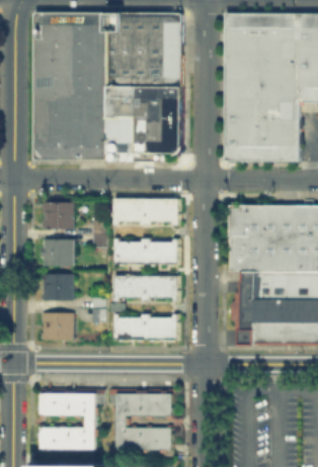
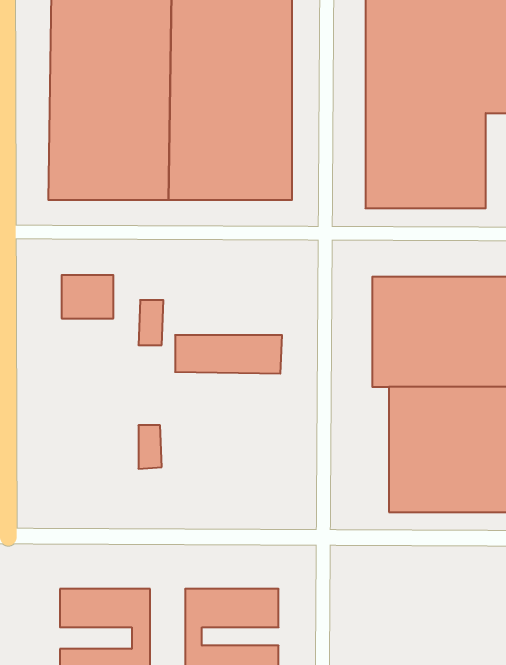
building: [111,196,176,219] -> none
building: [43,241,72,265] -> none
building: [111,274,174,296] -> none
building: [42,276,72,299] -> none
building: [42,313,72,340] -> none
building: [111,314,174,338] -> none

